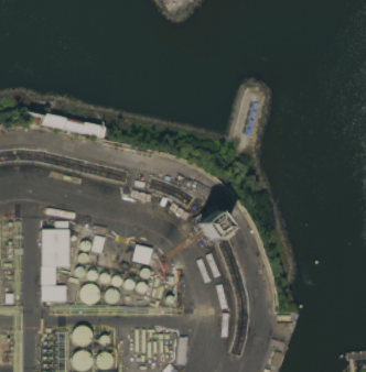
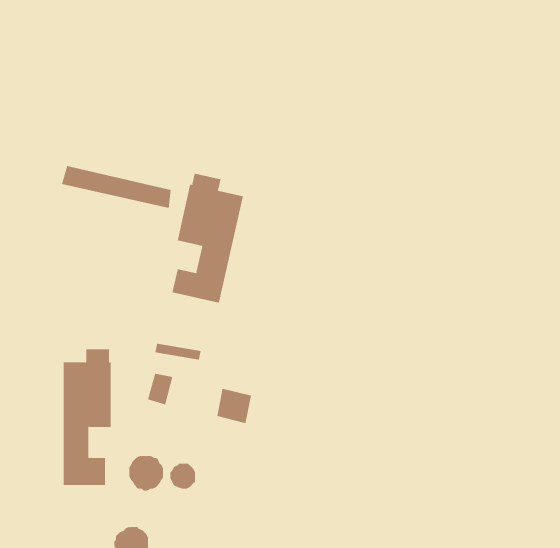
building: none -> [172,173,243,303]

